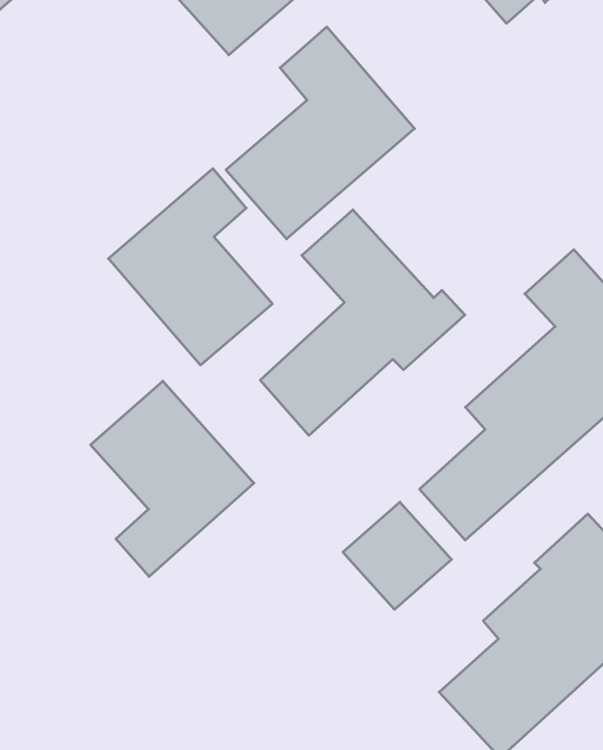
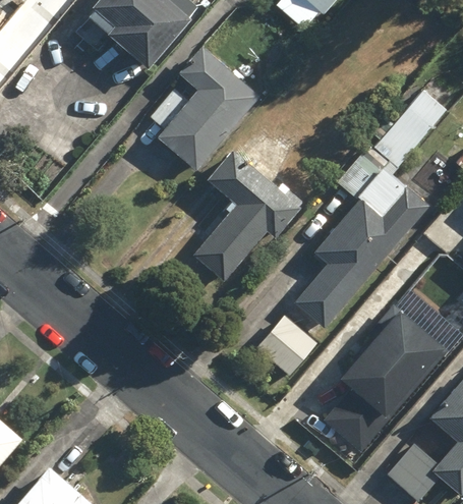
building: [108,169,272,365] -> none
building: [91,381,254,577] -> none

